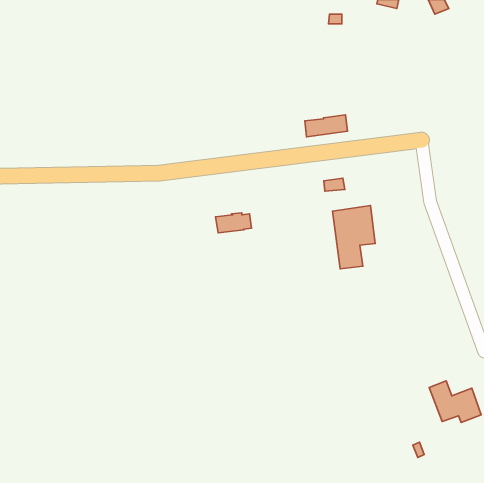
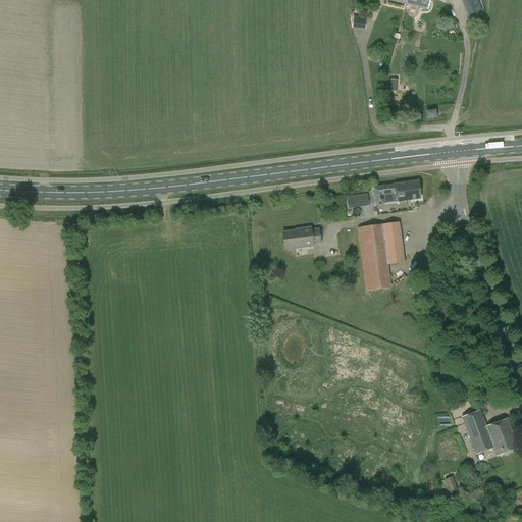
building: [305,115,347,137] -> [374,180,420,204]
building: [215,213,251,233] -> [282,227,321,249]

